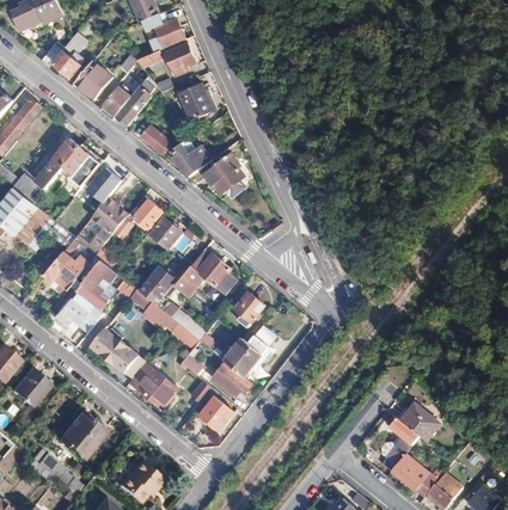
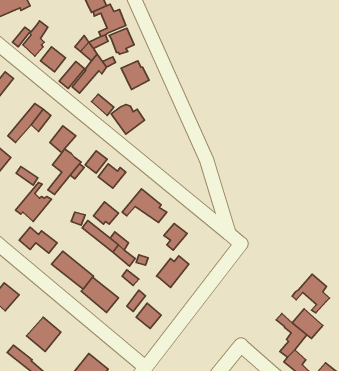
building: [206,155,246,198] -> none
building: [78,260,120,307] -> none
building: none -> [292,274,329,313]
building: [216,362,255,394] -> none

